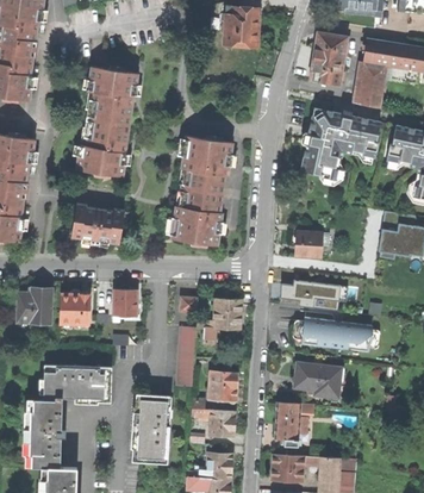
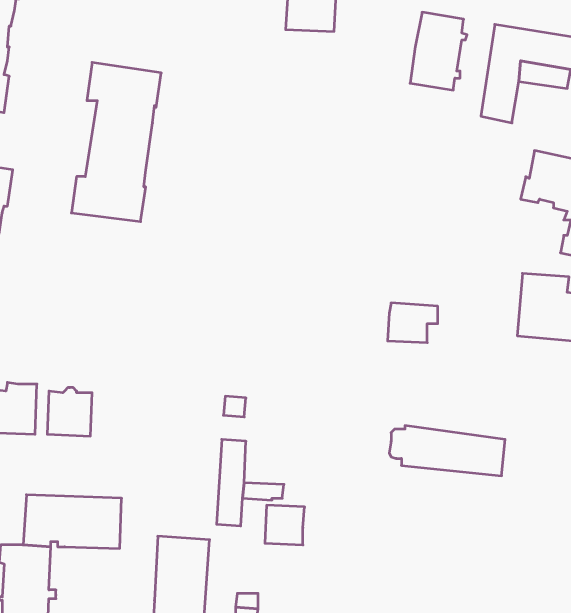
building: [300,111,379,181] -> none
building: [170,136,233,245] -> none
building: [71,207,124,244] -> none
building: [283,279,350,308] -> none
building: [113,289,137,320] -> none
building: [205,299,242,343] -> none
building: [294,364,341,399] -> none
building: [275,404,314,441] -> none
building: [194,407,235,435] -> none

